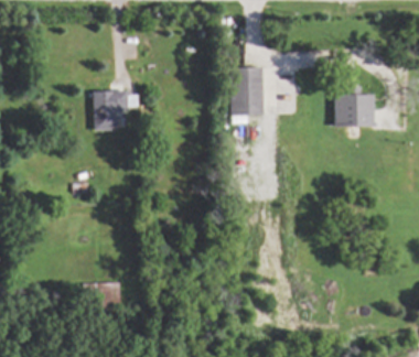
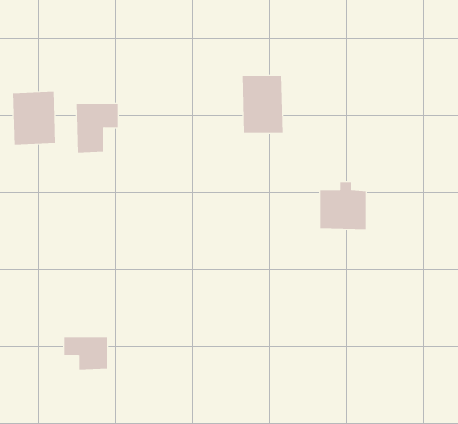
building: none -> [13,91,56,146]
building: [335,87,374,127] -> [320,182,366,230]

